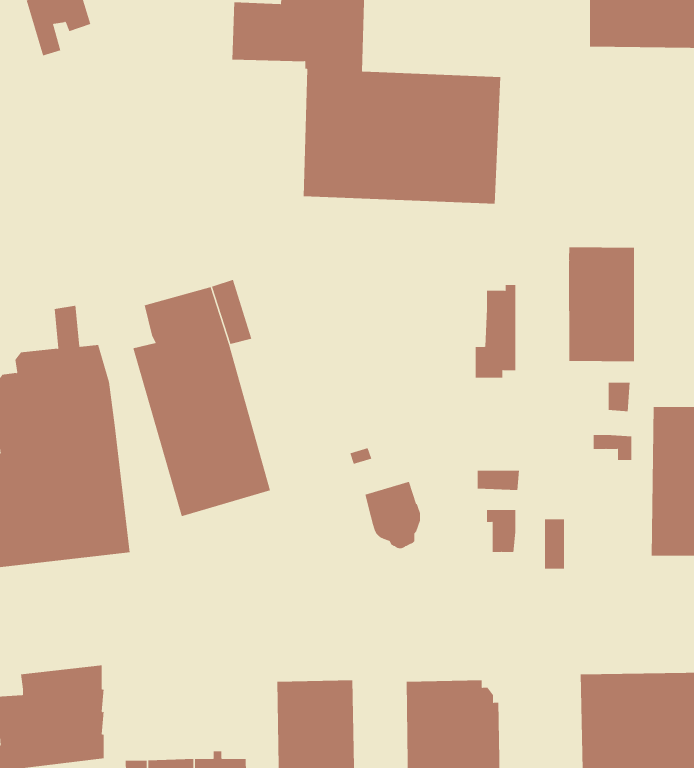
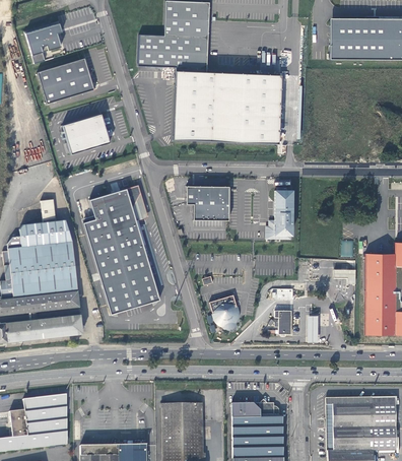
building: none -> [38,58,93,103]
building: none -> [62,113,110,153]
building: [569,246,634,362] -> none
building: none -> [186,185,228,219]

